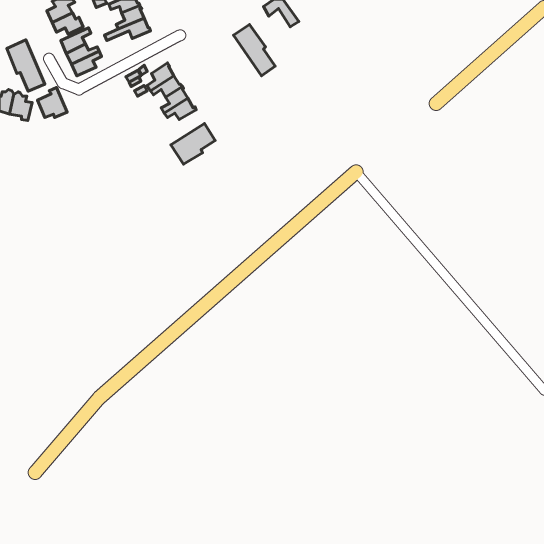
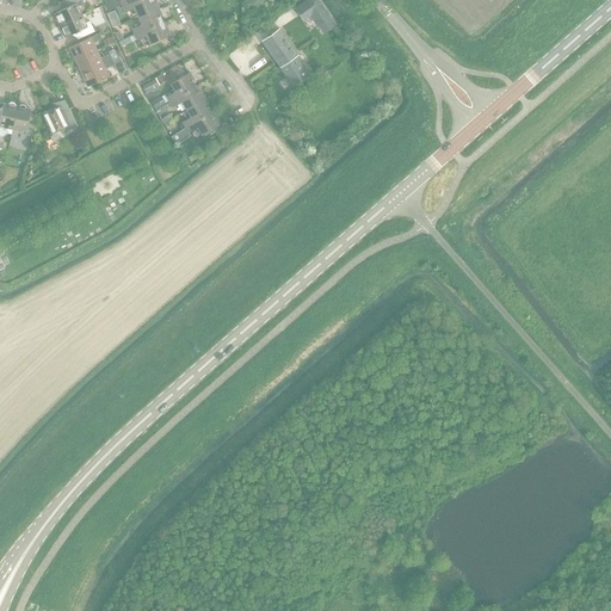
building: [7,40,45,91] -> none
building: [171,124,215,164] -> none

